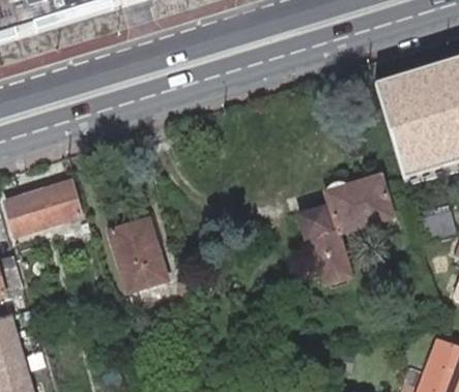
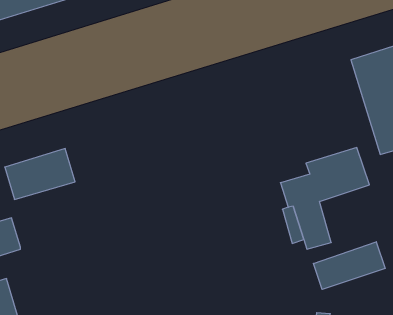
building: [111,217,167,290] -> none
building: none -> [313,242,385,289]

